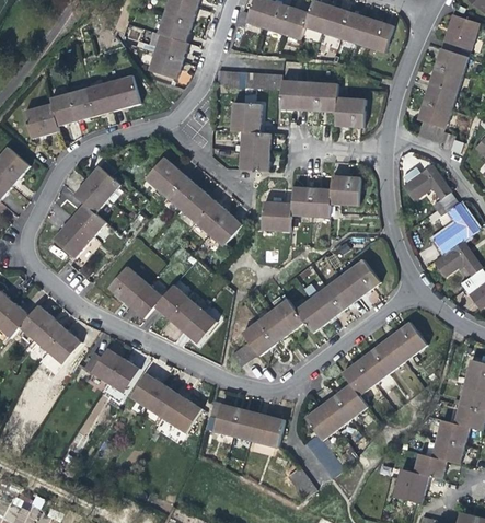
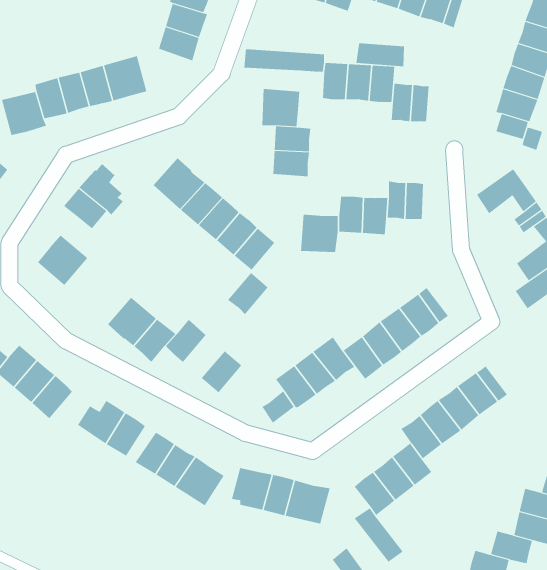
building: none -> [356,42,404,67]
building: [71,202,105,235] -> none
building: [169,297,201,330] -> [227,272,269,315]

